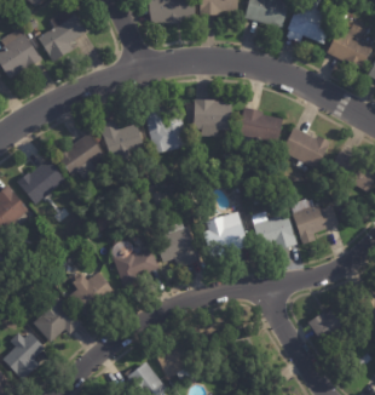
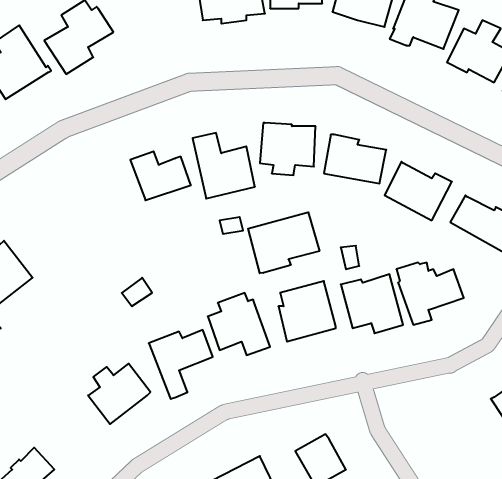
building: [54,132,103,176] -> none
building: [18,158,65,202] -> none
building: none -> [248,212,319,273]
building: [33,297,82,342] -> none
building: [308,307,348,343] -> none

